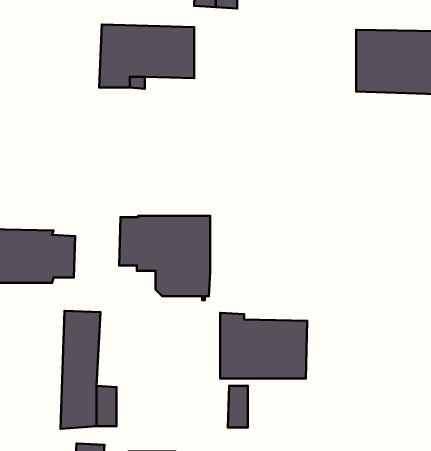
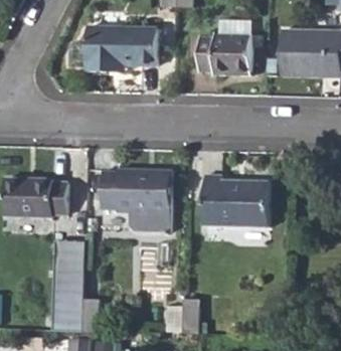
building: none -> [192,35,248,75]
building: [220,313,307,378] -> [202,174,268,223]

